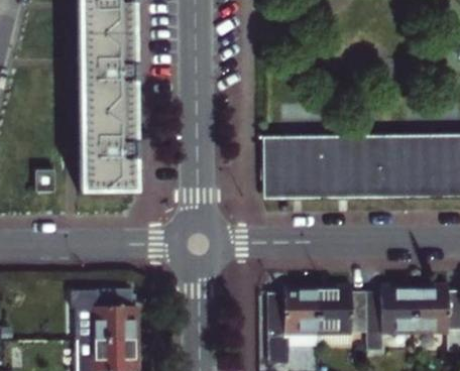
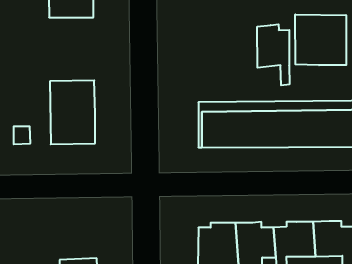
building: none -> [295,14,346,65]
building: [80,32,136,112] -> none
building: none -> [257,24,289,85]
building: [74,284,139,335] -> none

